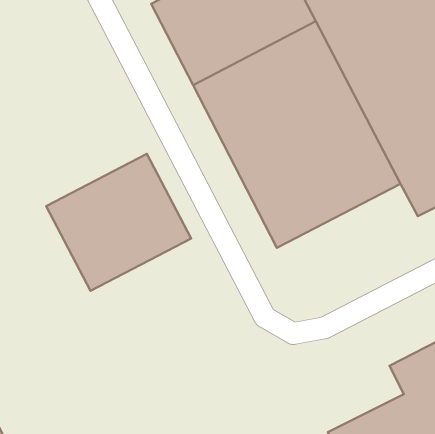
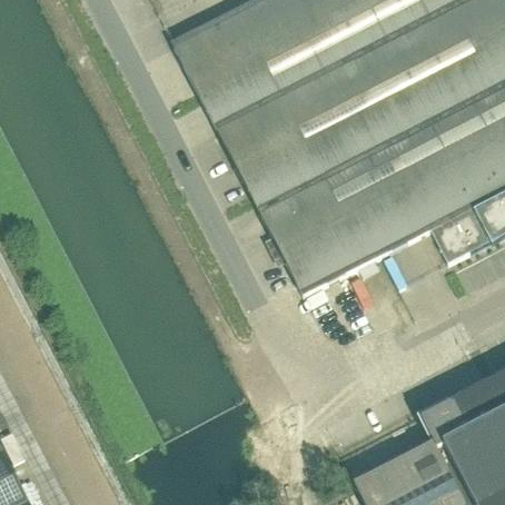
building: [46,154,191,291] -> none

